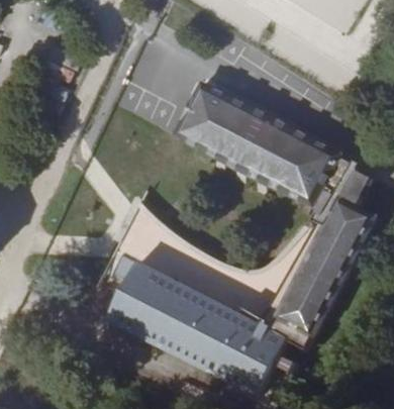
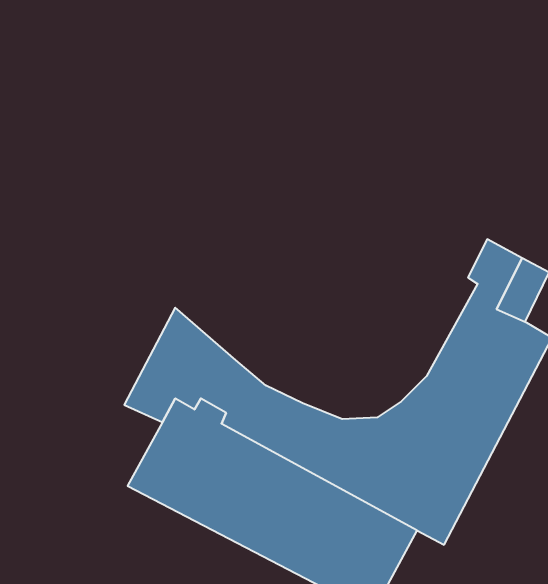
building: [172,82,330,201] -> none

